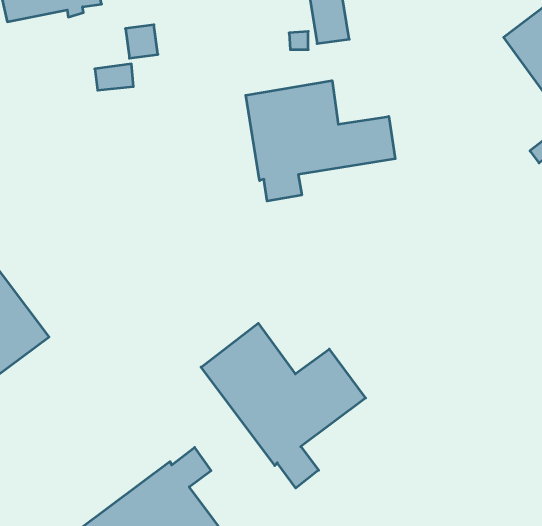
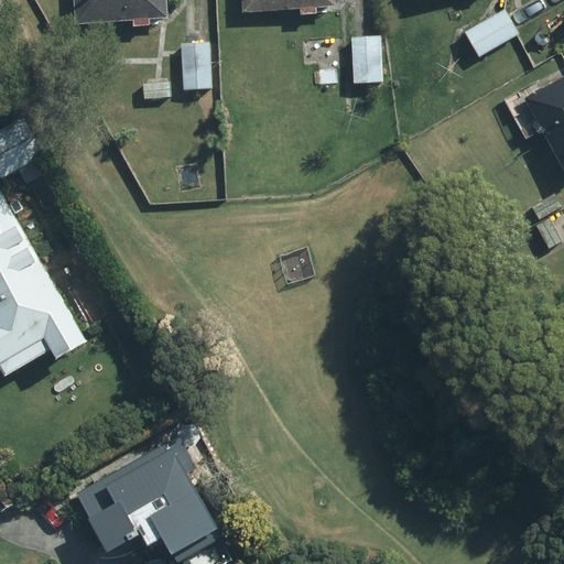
building: [246,81,395,201] -> none
building: [201,323,366,488] -> none

